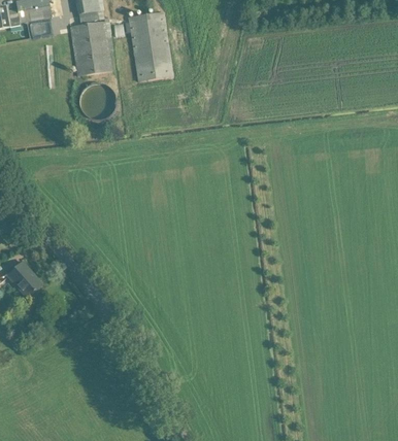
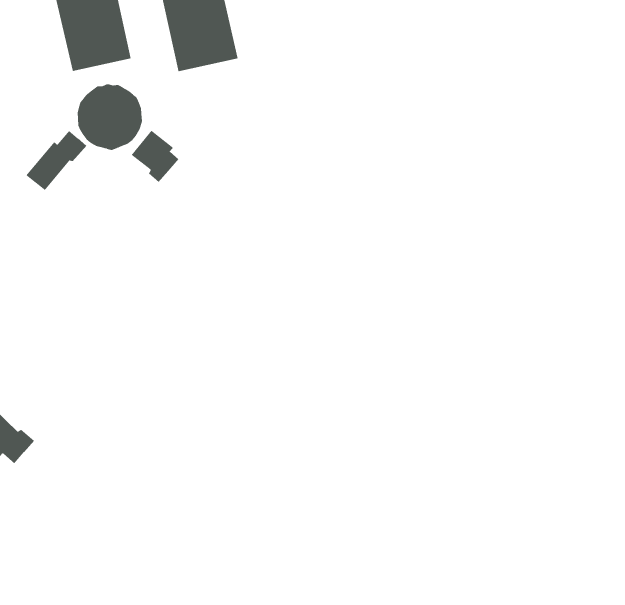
building: none -> [25,130,87,191]
building: none -> [131,130,179,183]

